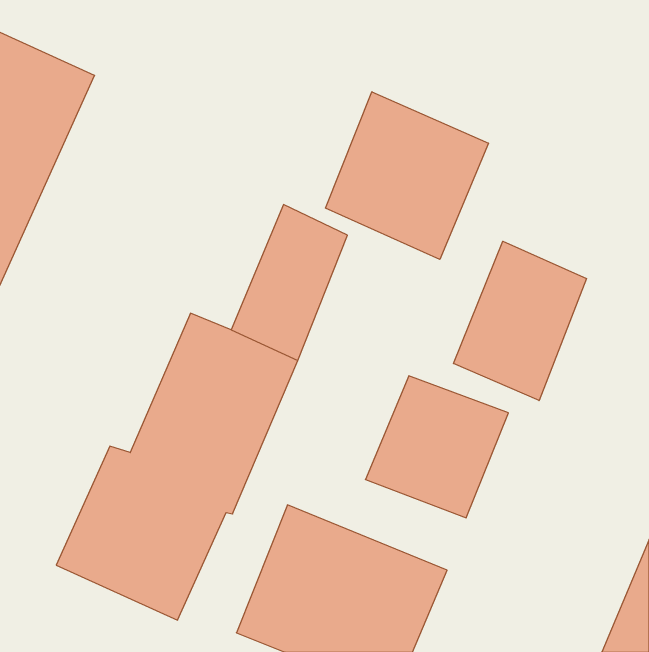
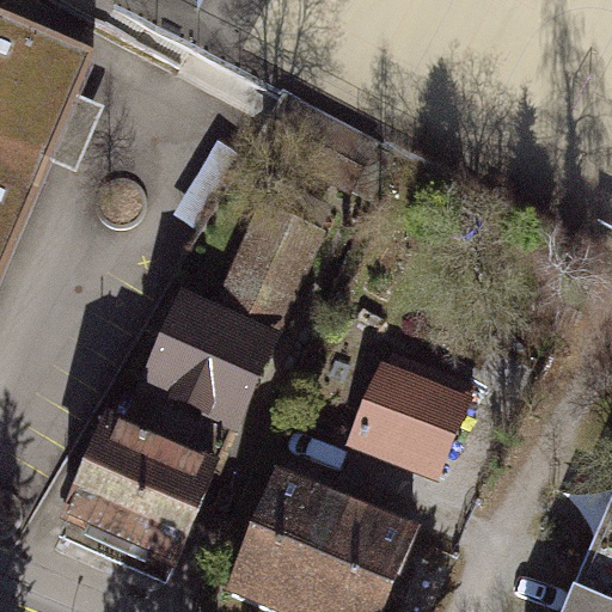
building: [325,92,488,259] -> none
building: [454,241,587,401] -> none

